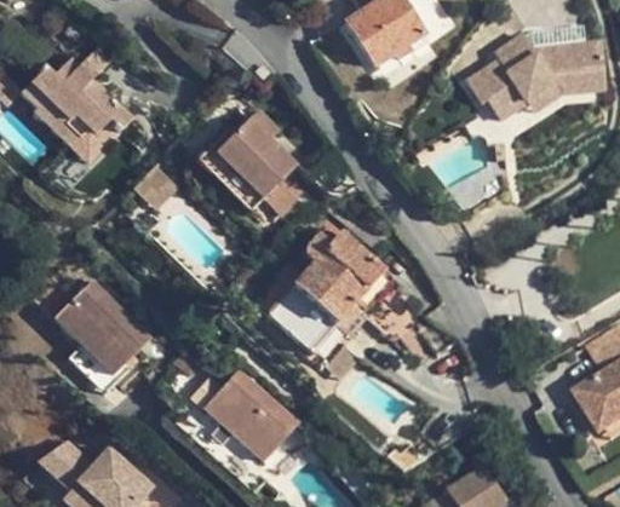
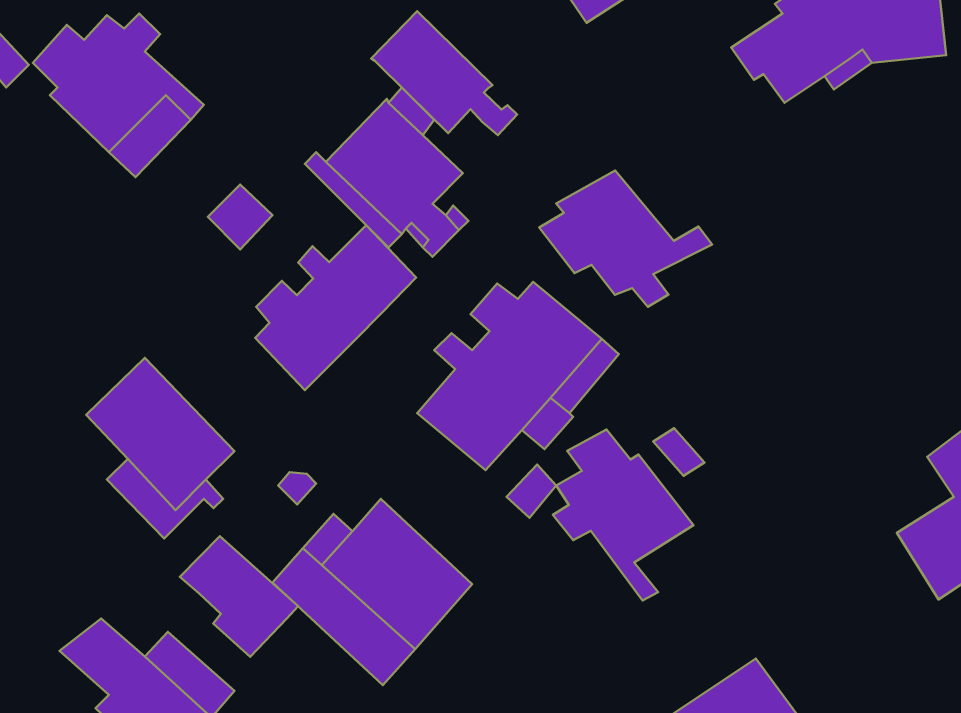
building: none -> [371,11,517,135]
building: none -> [539,171,712,307]
building: none -> [255,225,416,390]
building: none -> [553,429,694,600]
building: none -> [180,536,298,657]

